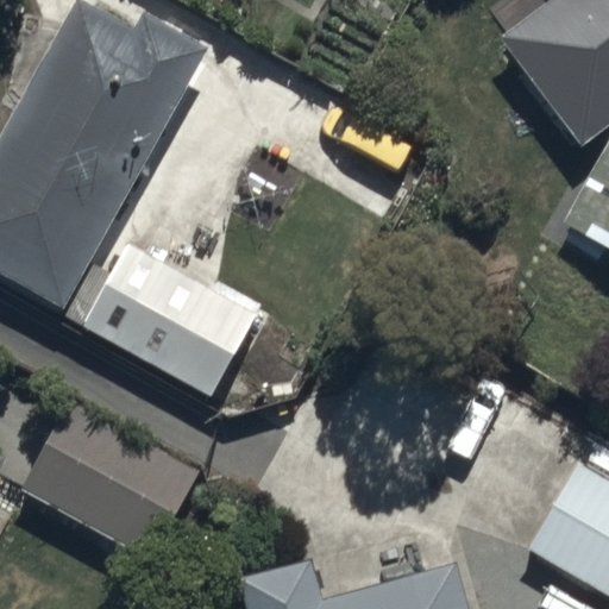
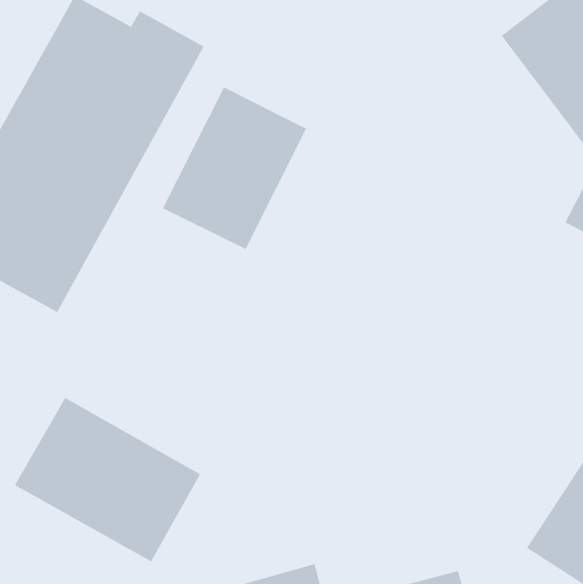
building: none -> [162,87,307,250]
building: [76,241,262,397] -> none

